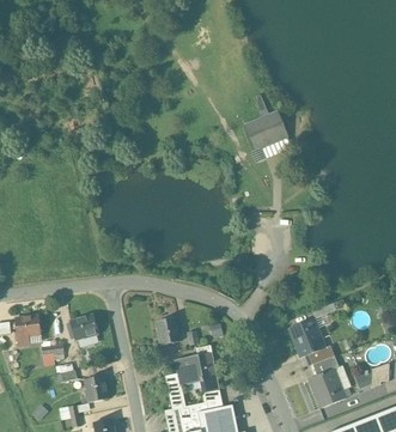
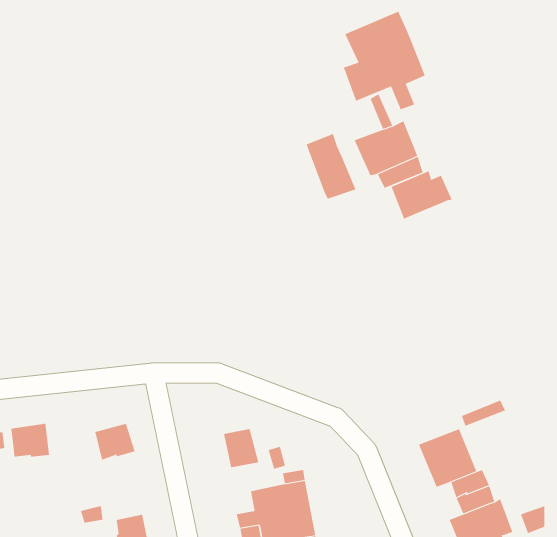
building: none -> [343,11,425,110]
building: none -> [306,133,356,199]
building: none -> [391,170,453,220]

